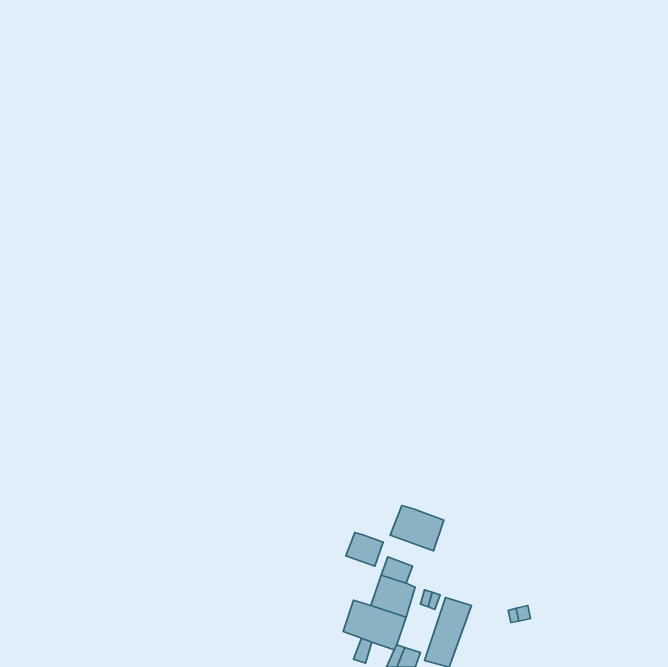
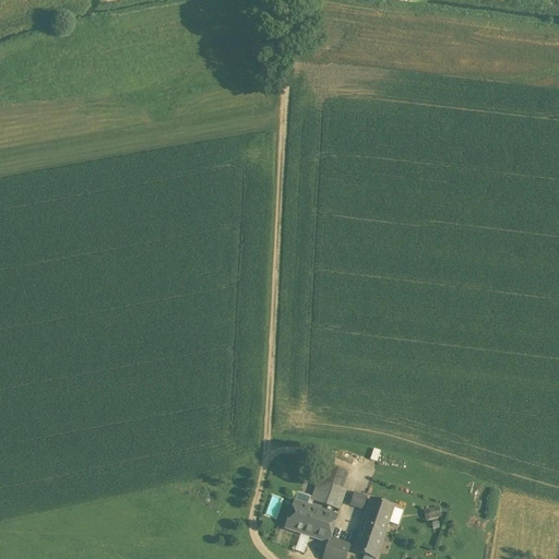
building: [390,506,444,551] -> none
building: [346,533,383,566] -> none

